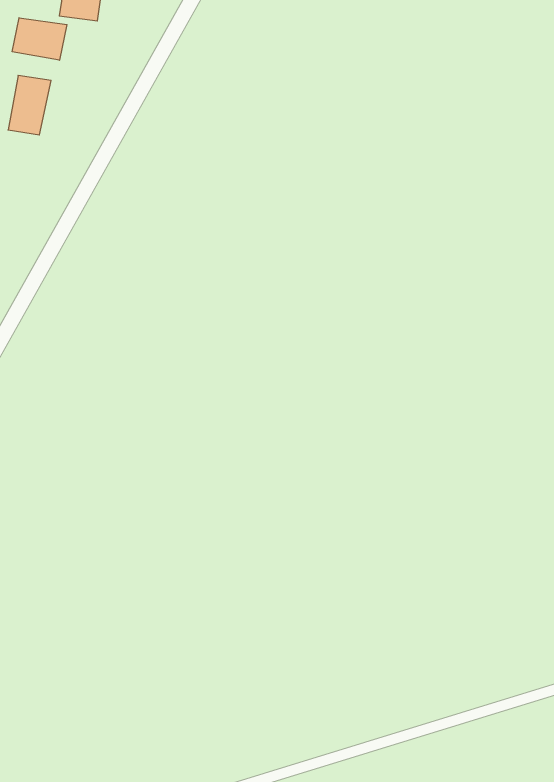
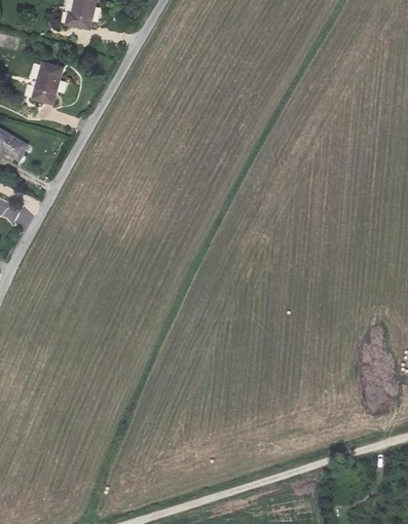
building: [12,18,67,60] -> none

